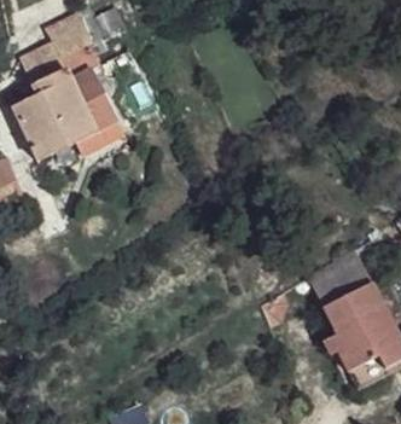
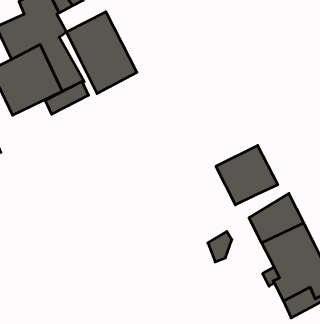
building: none -> [66,12,137,94]
building: none -> [216,145,278,205]

